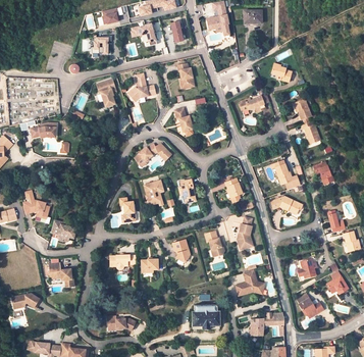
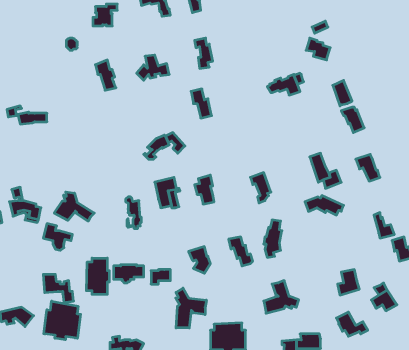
building: none -> [54,192,94,221]
building: none -> [86,258,109,294]
building: none -> [176,288,206,328]
building: none -> [44,301,81,340]

